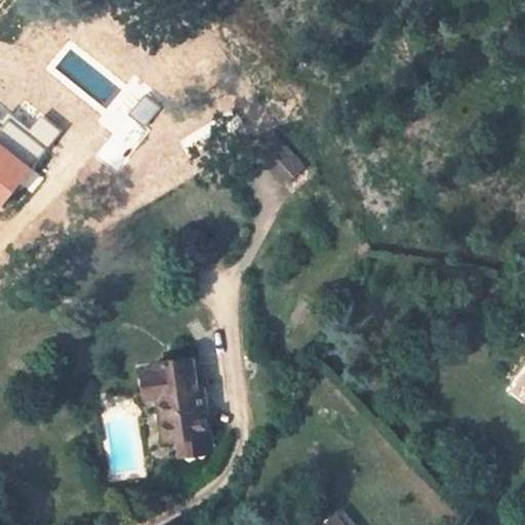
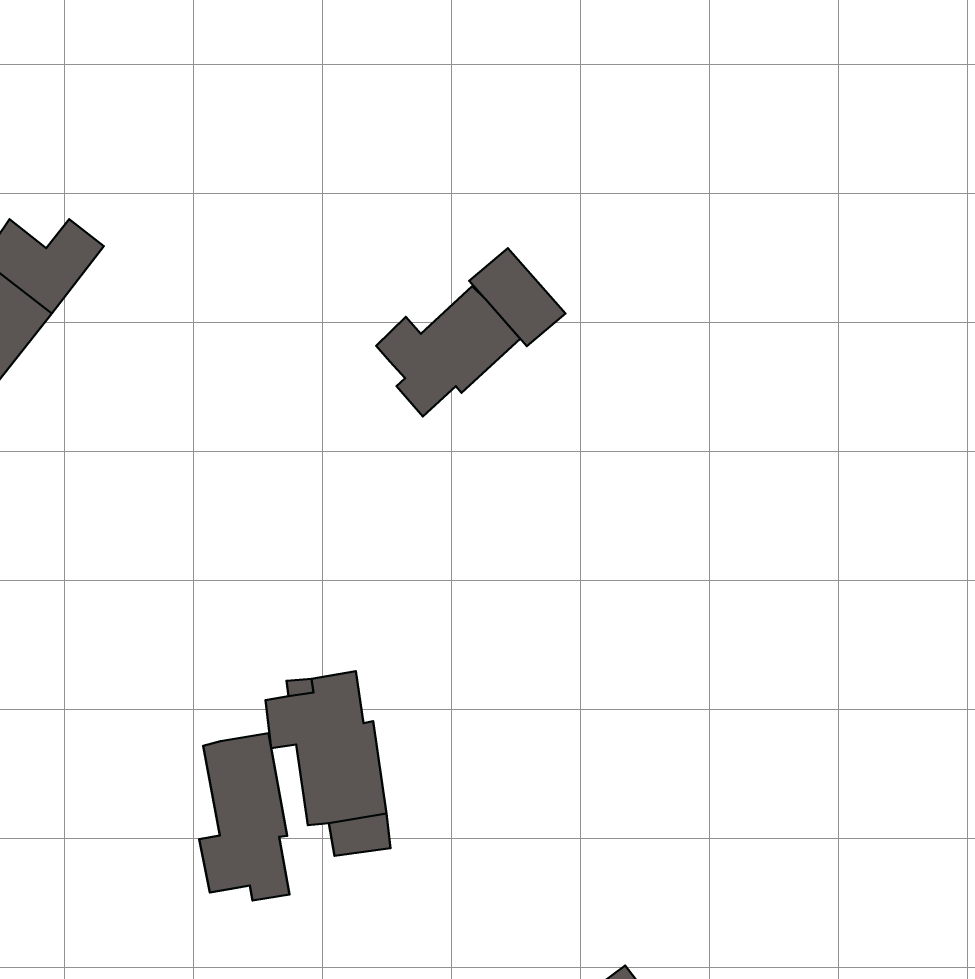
building: none -> [376,286,520,416]
building: none -> [199,733,289,900]

